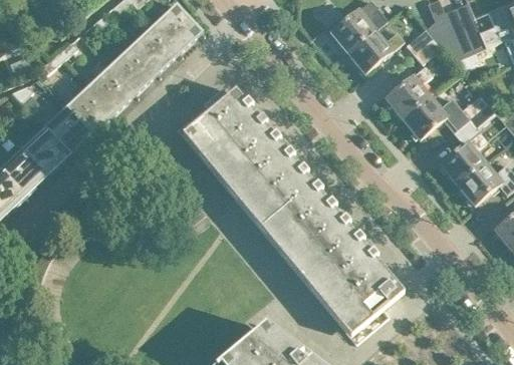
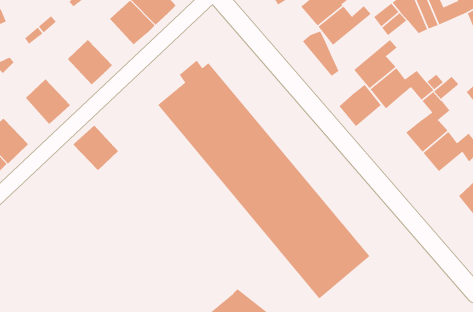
building: [109,45,158,93] -> none
building: none -> [299,30,339,77]
building: [65,86,113,134] -> [72,124,119,171]
building: none -> [338,84,382,127]
building: [22,127,69,175] -> none

